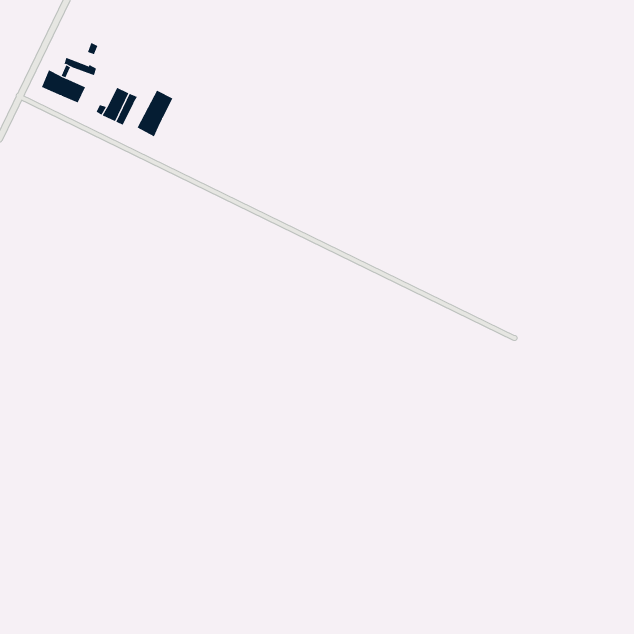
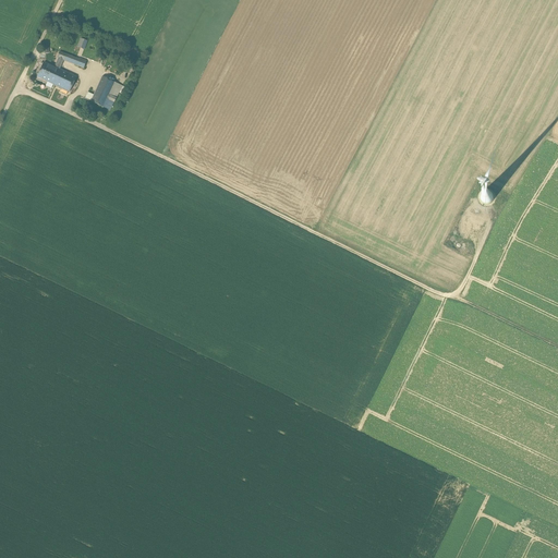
building: [137,90,173,137] -> none

